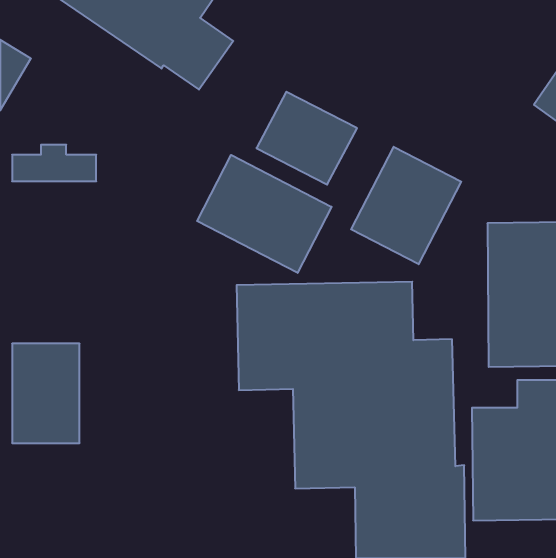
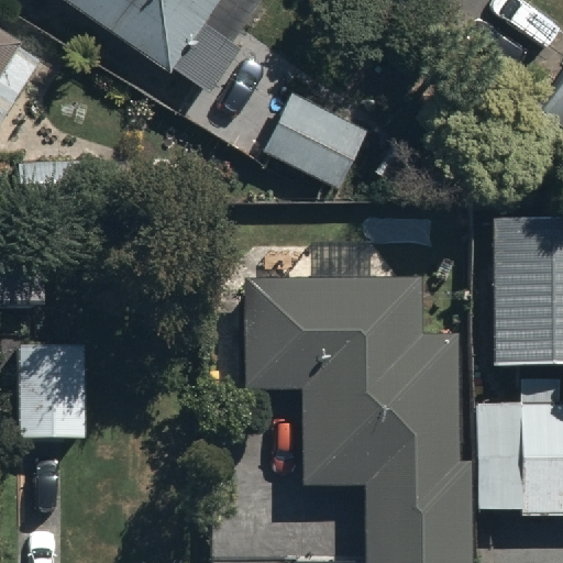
building: [351,147,461,264] -> none
building: [197,155,332,273] -> none

